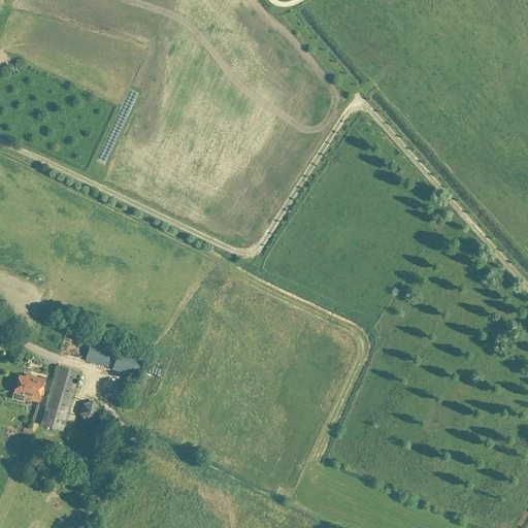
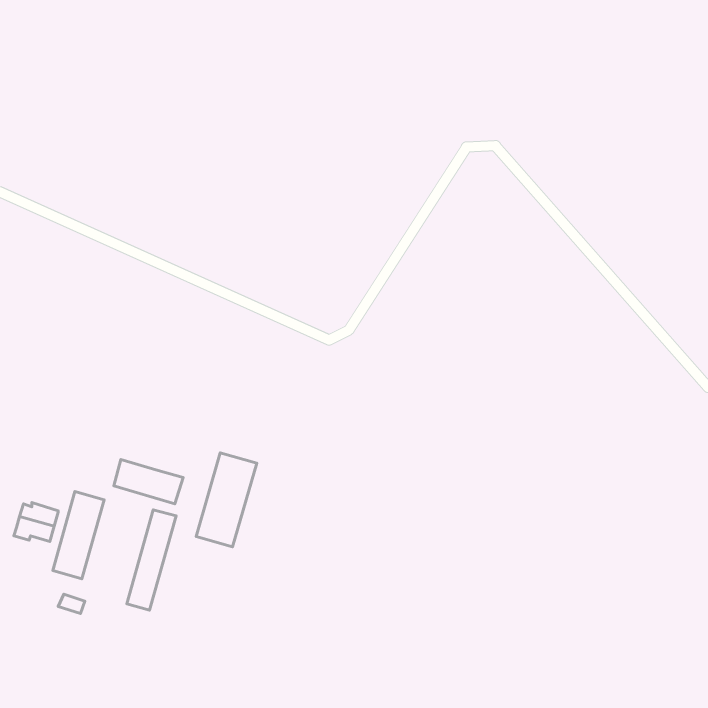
building: none -> [196,453,257,547]
building: none -> [127,510,176,610]

